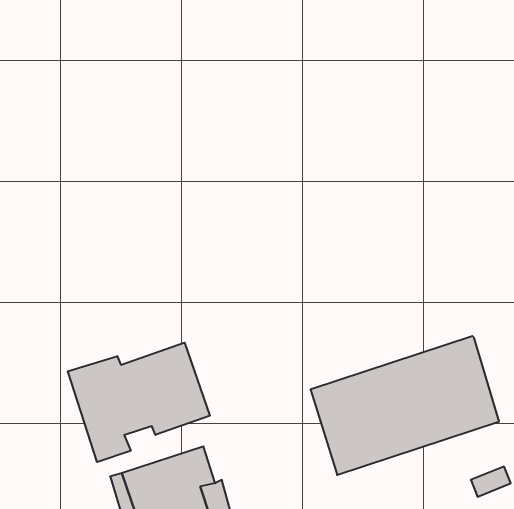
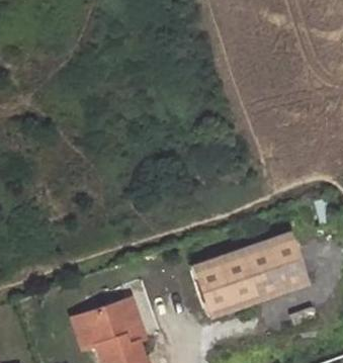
building: [68,343,210,462] -> none

